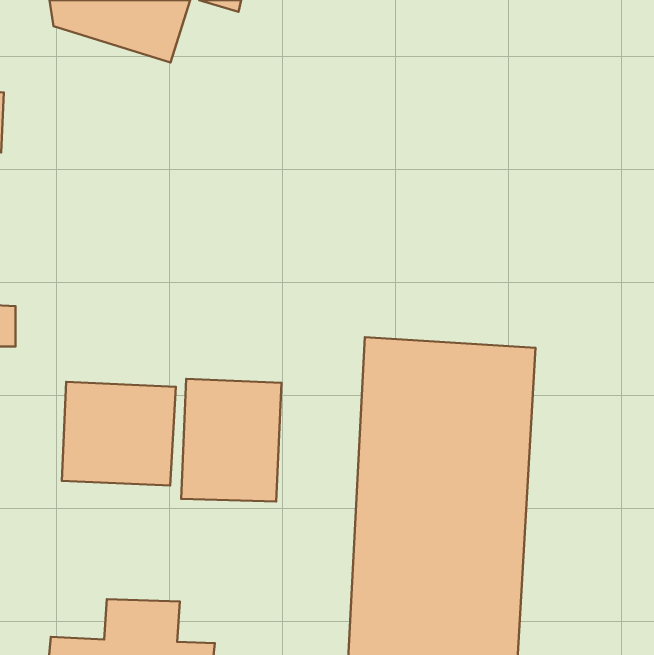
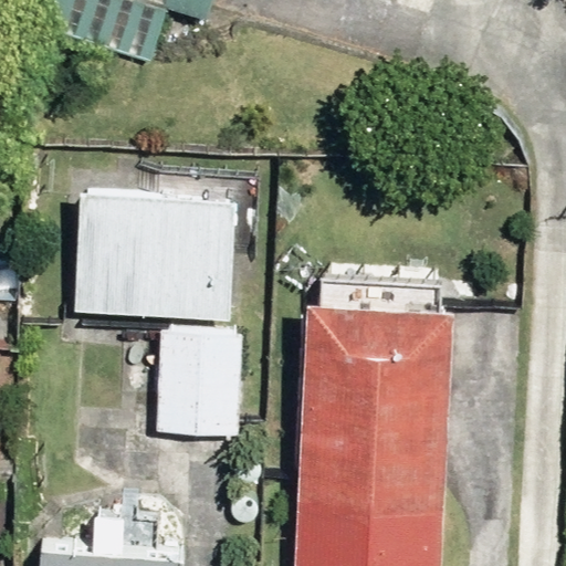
building: none -> [72,185,234,317]
building: [62,382,176,486] -> none

